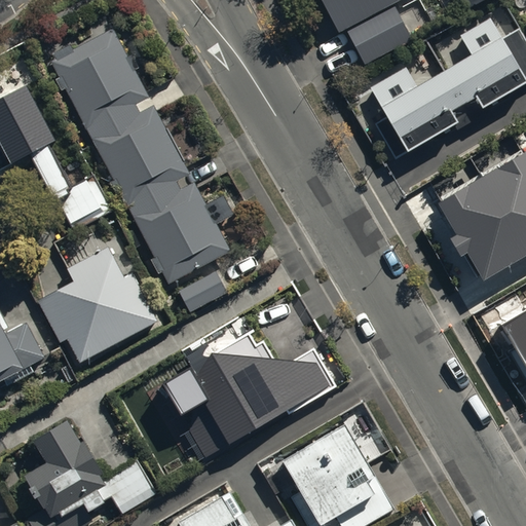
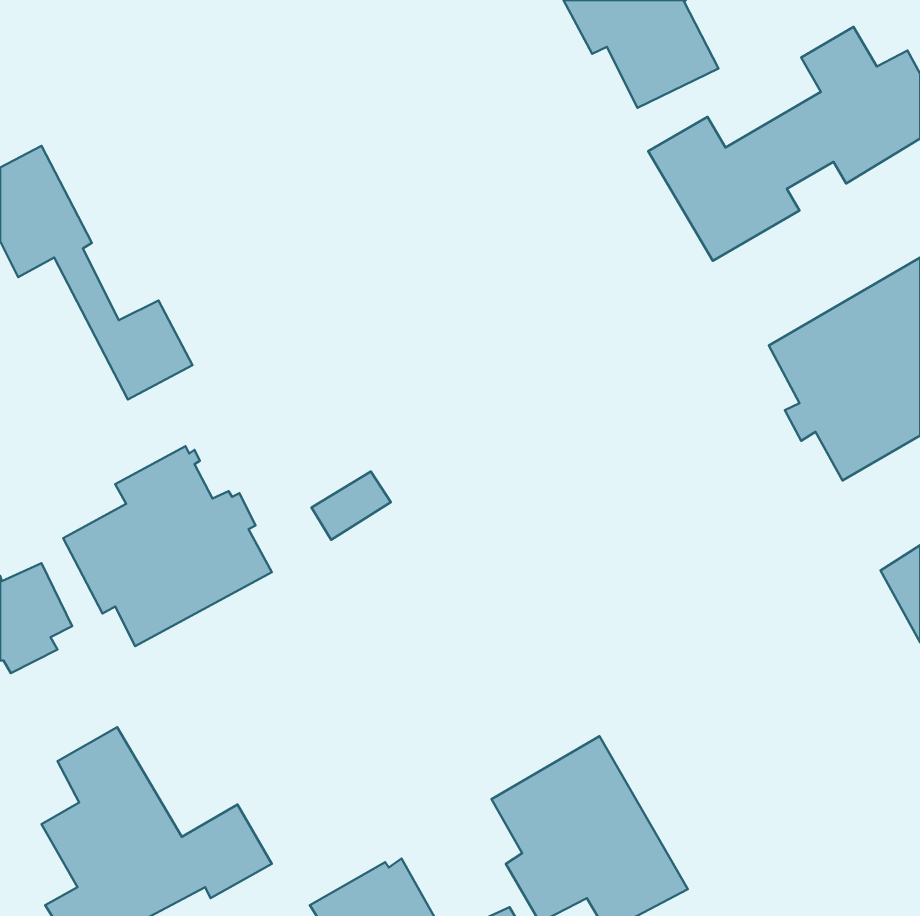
building: [49,29,235,287] -> none
building: [162,331,333,453] -> none

